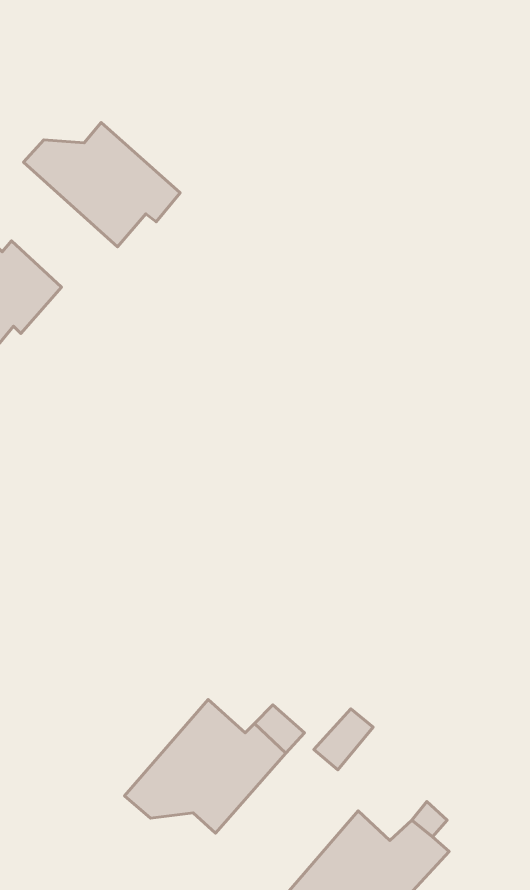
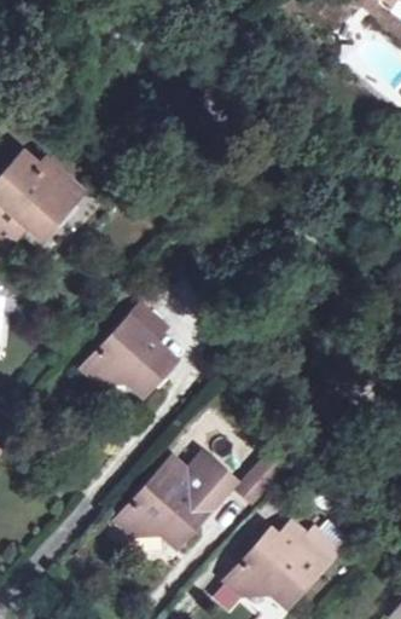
building: [24,123,180,247] -> none
building: none -> [83,303,174,397]

